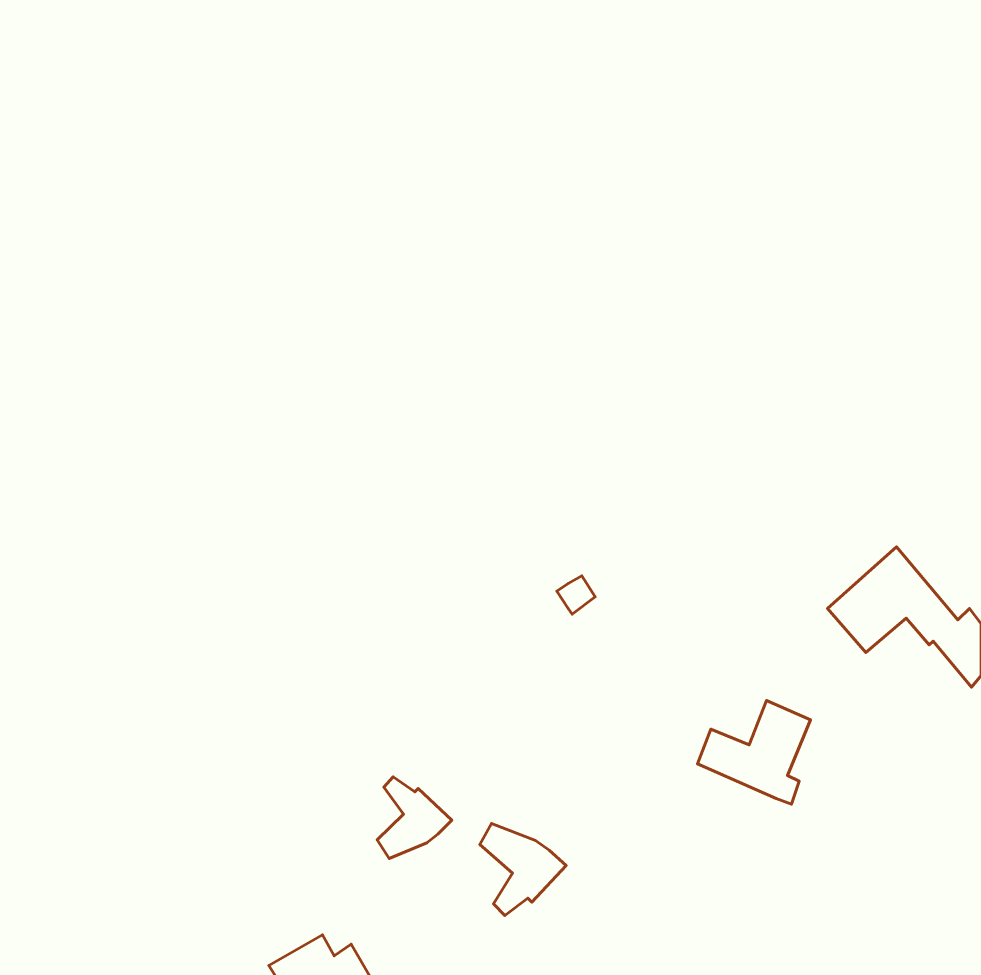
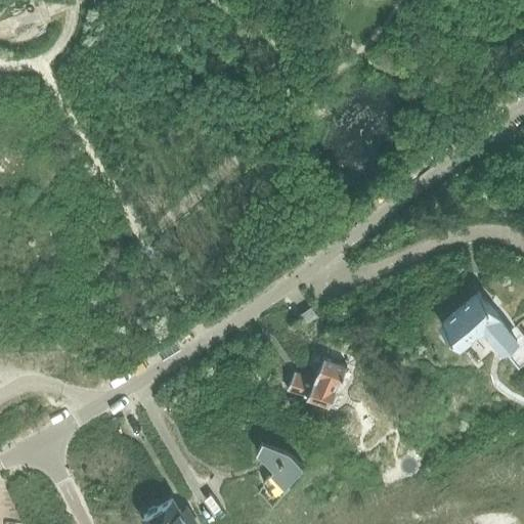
building: [697,701,811,804] -> [287,358,347,413]
building: [377,777,452,858] -> none

